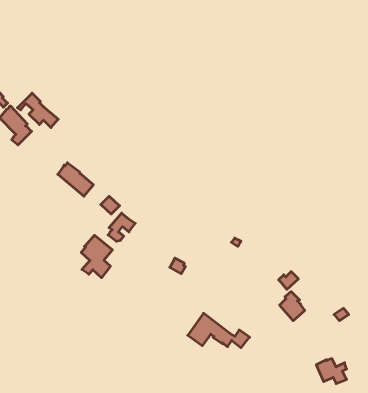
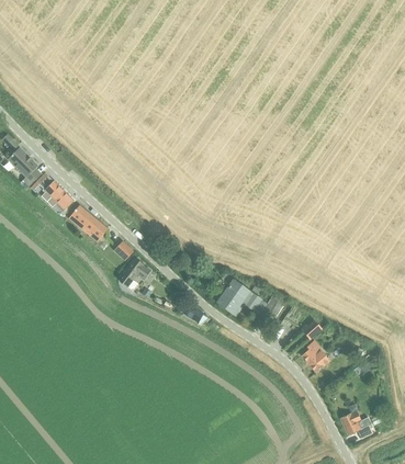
building: [17,93,58,128] -> [31,172,74,208]
building: [81,235,112,278] -> none
building: [188,313,250,348] -> [218,280,283,316]

